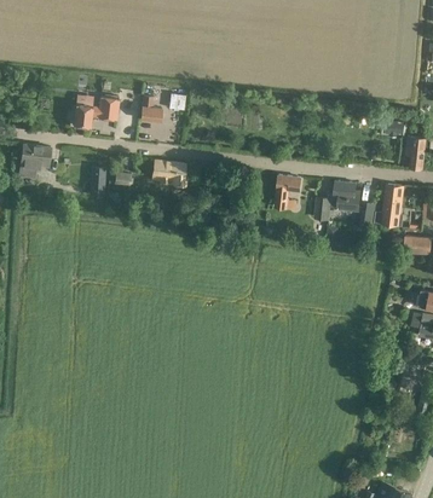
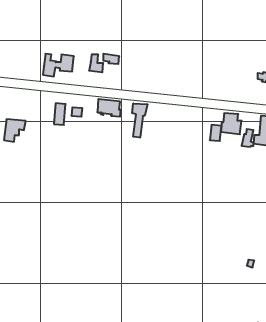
building: [19,145,51,178] -> [4,119,26,142]
building: none -> [132,103,148,138]
building: [276,175,301,209] -> none

